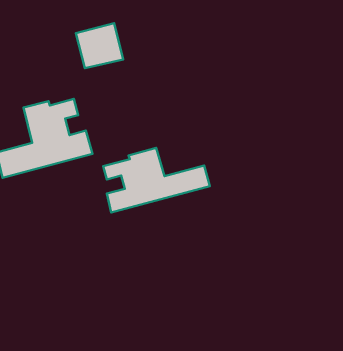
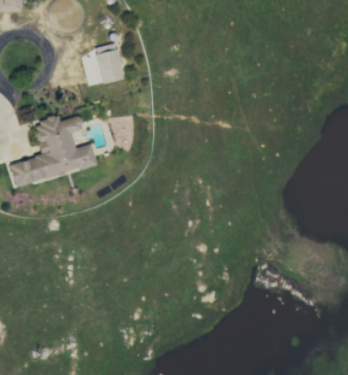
building: [103,148,210,213] -> none

